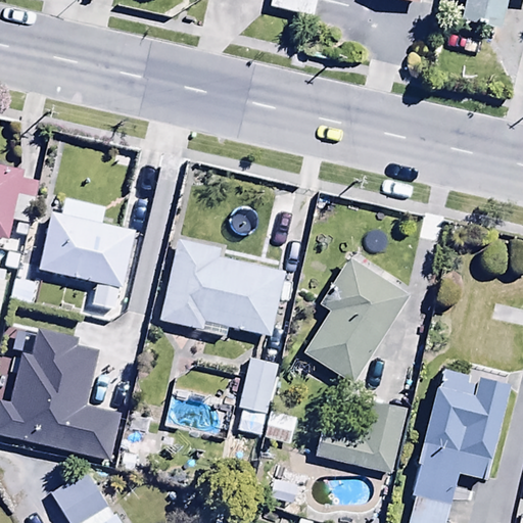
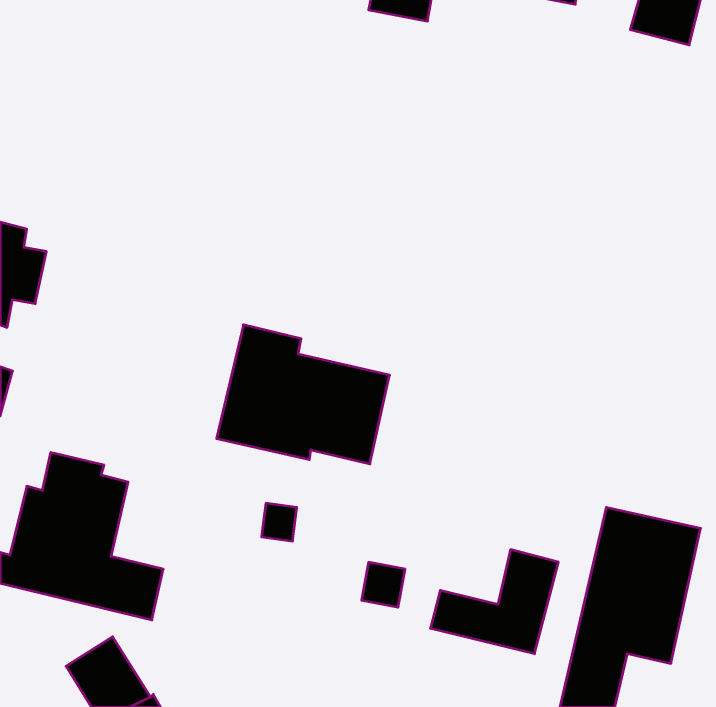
building: [38,198,133,287] -> none
building: [303,257,410,385] -> none
building: [237,354,278,435] -> none

